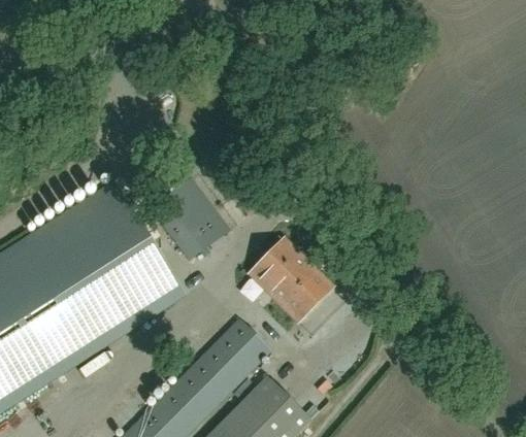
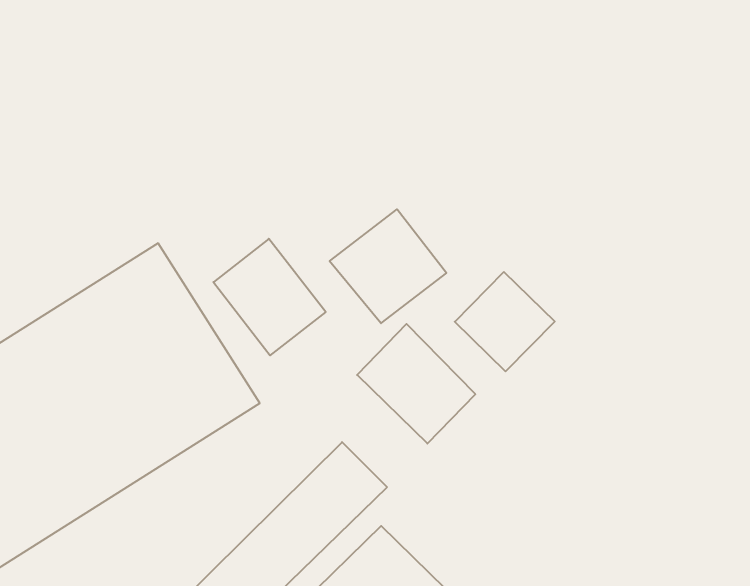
building: none -> [330,209,446,323]
building: none -> [455,272,555,371]

